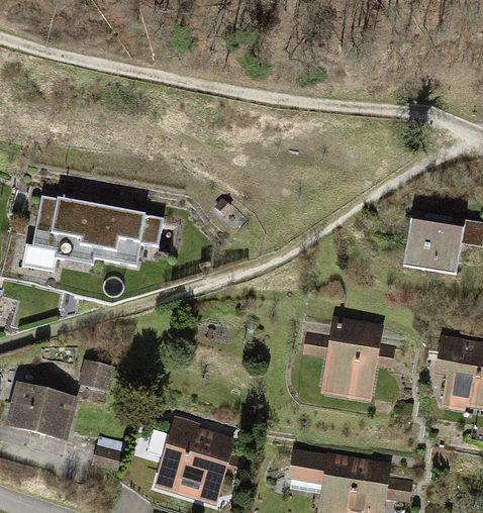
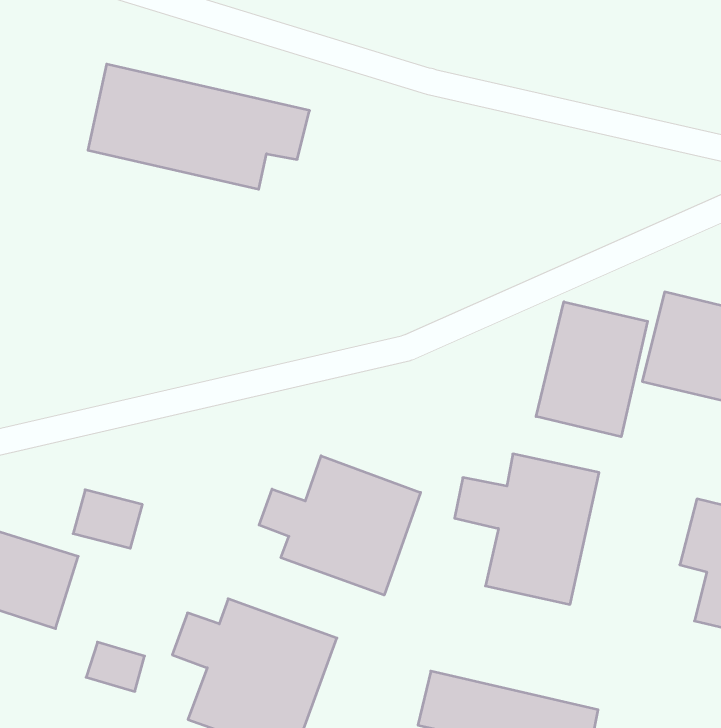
building: [34,198,163,265] -> [88,64,310,189]
building: none -> [536,302,648,437]
building: none -> [259,456,421,595]

